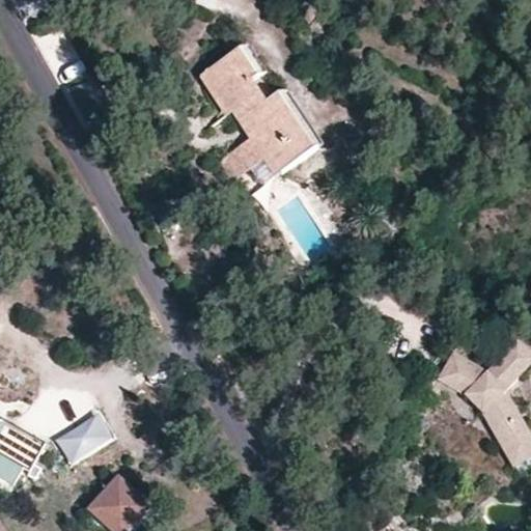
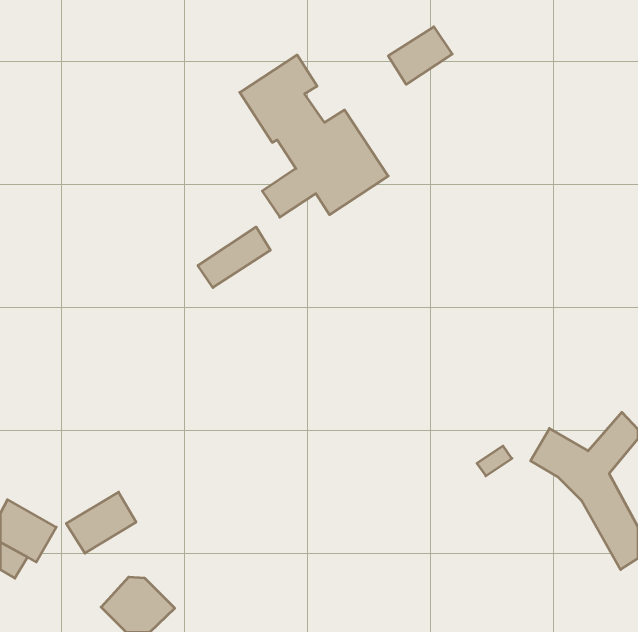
building: none -> [388,27,452,84]
building: none -> [198,227,270,288]

